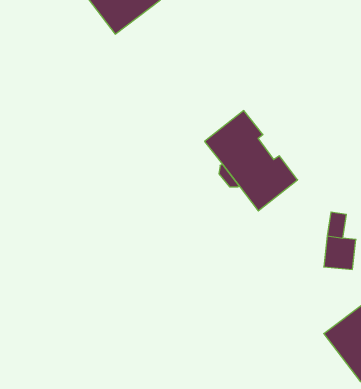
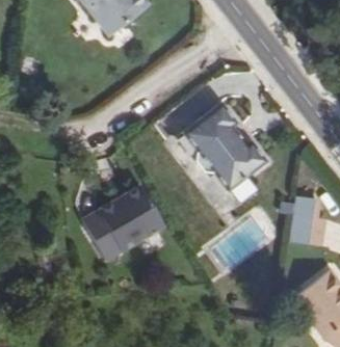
building: none -> [78,184,164,262]

